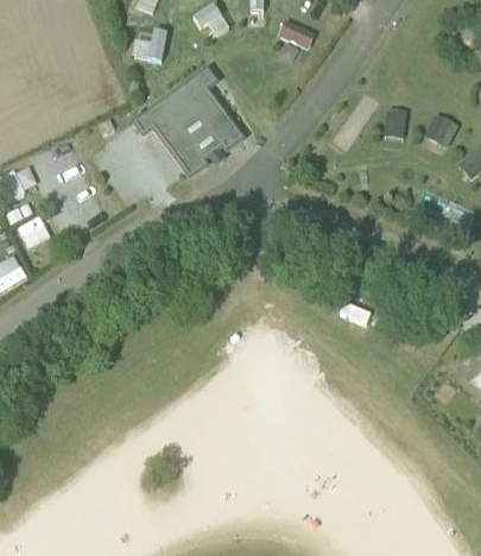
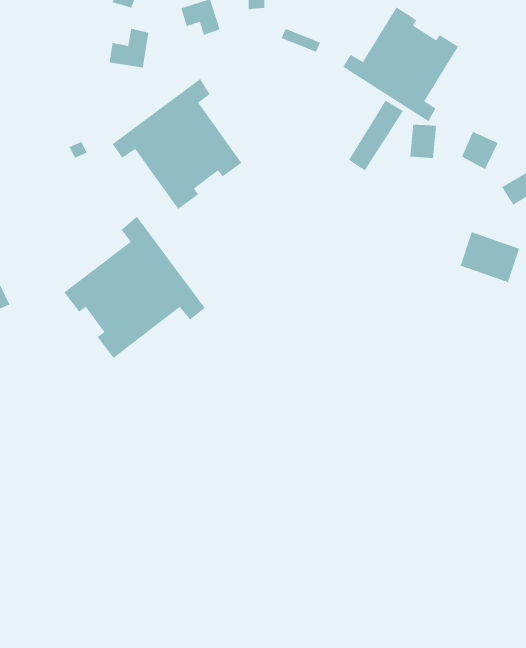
building: none -> [343,7,459,122]
building: none -> [64,216,206,359]

